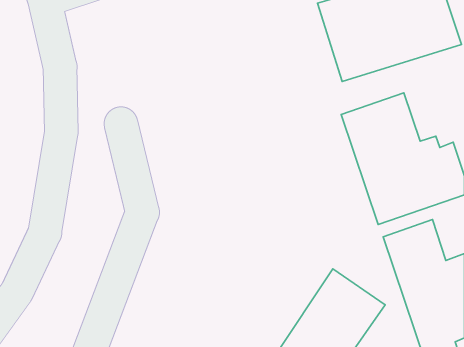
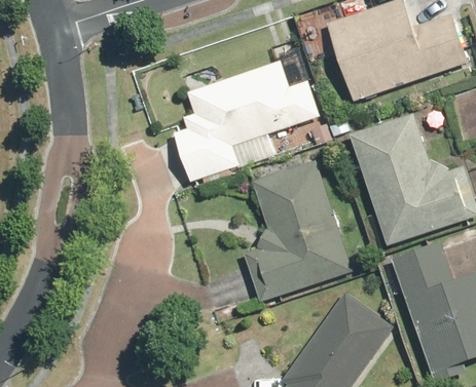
building: none -> [172,59,319,182]
building: none -> [243,162,351,300]

